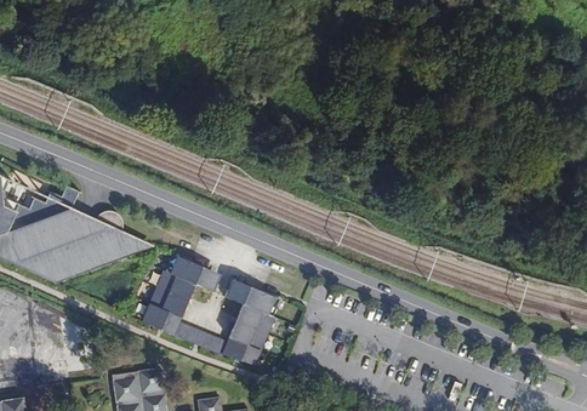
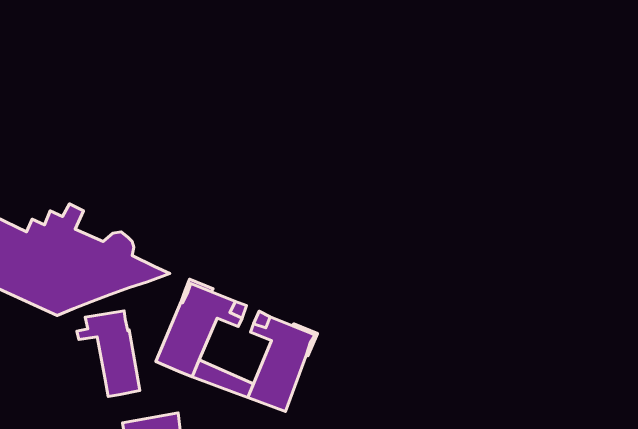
building: none -> [77,311,140,396]

